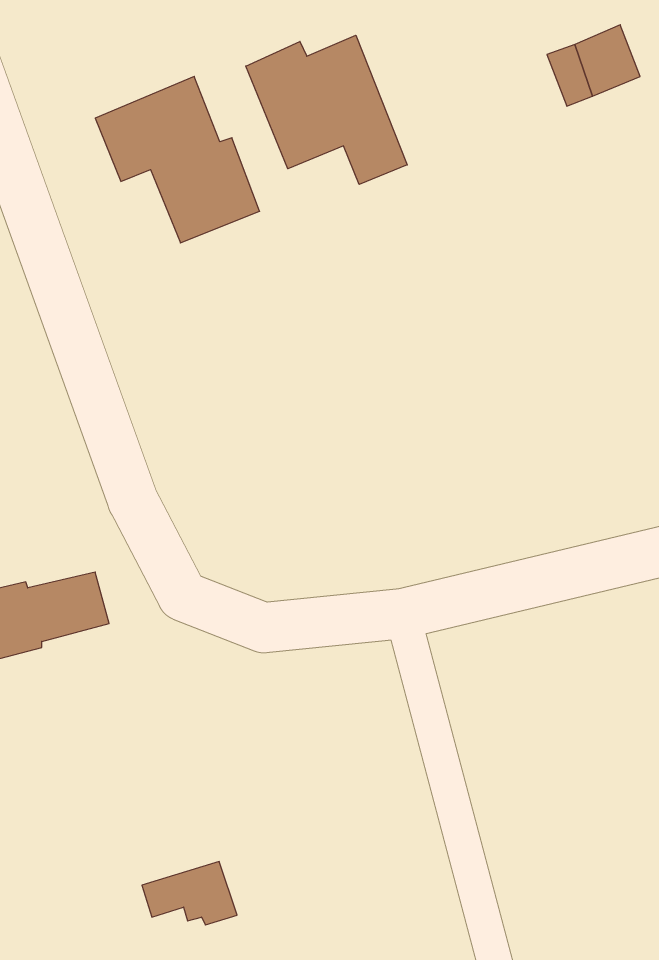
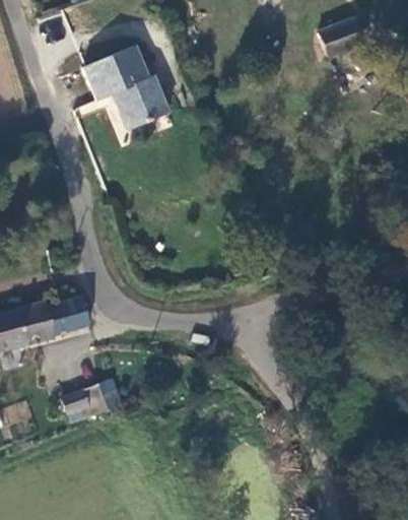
building: [246,35,407,184] -> none
building: [142,862,237,925] -> [60,384,109,416]

